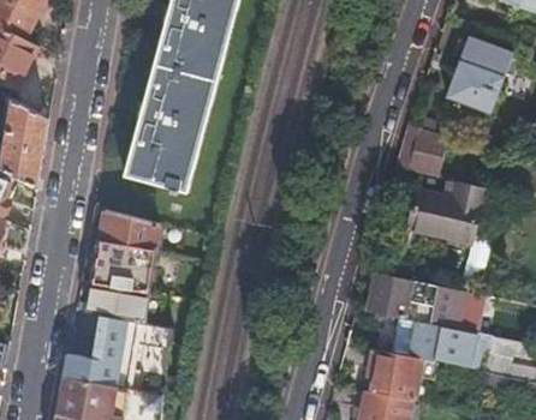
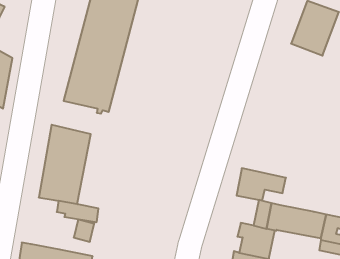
building: [397,125,445,173] -> none
building: [409,178,483,241] -> none
building: [428,286,483,334] -> none
building: [64,311,120,386] -> none

